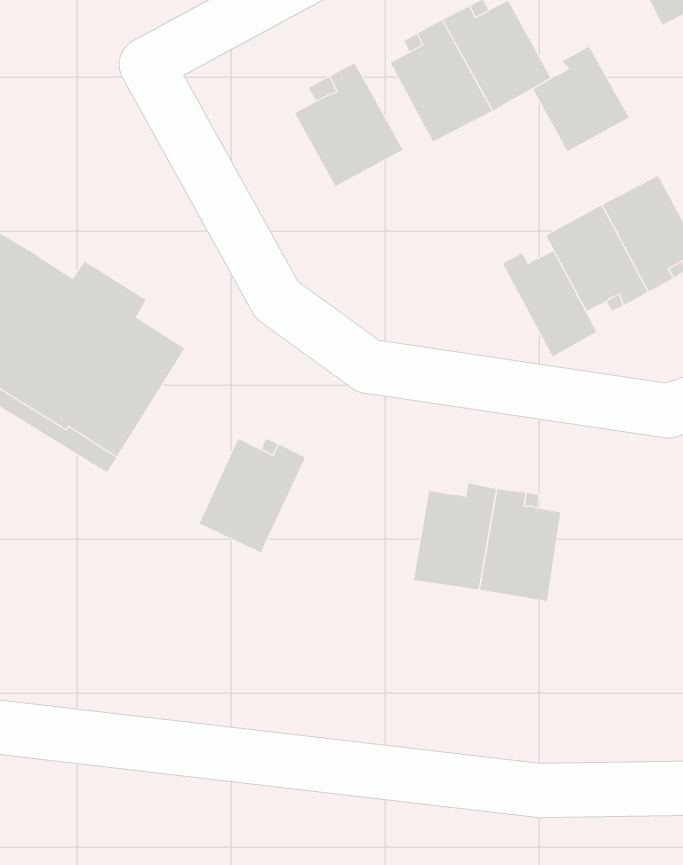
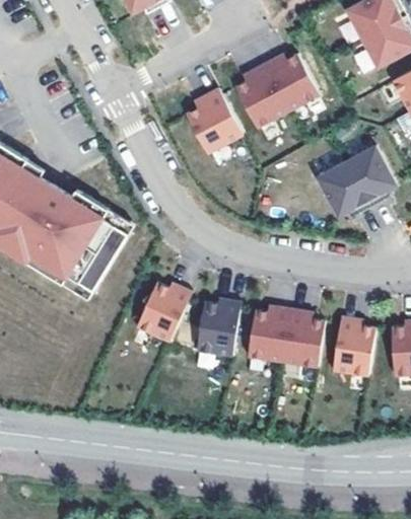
building: [532,46,630,152] -> none
building: [502,250,597,357] -> none
building: none -> [196,298,239,355]
building: none -> [332,316,375,376]

